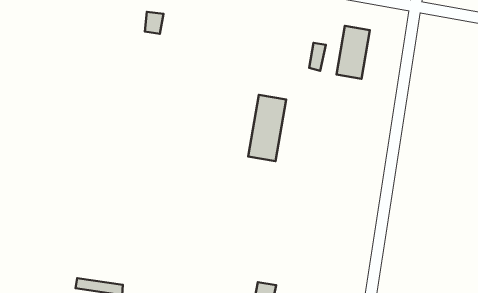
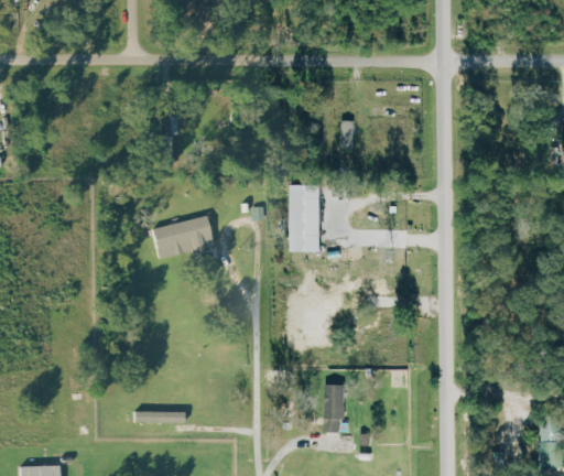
building: [337,26,370,79] -> none
building: none -> [150,218,212,259]

